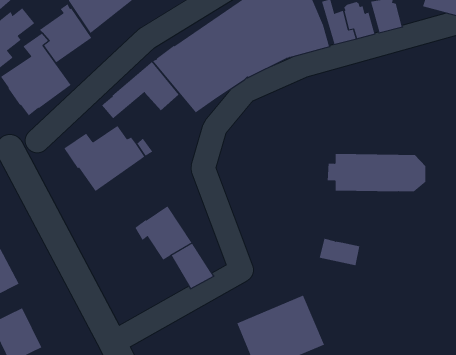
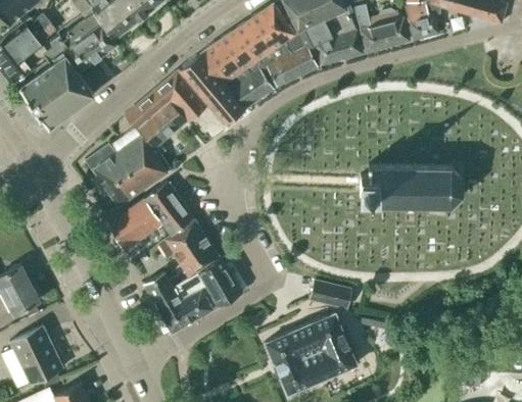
building: none -> [137,103,187,149]
building: none -> [109,183,195,249]
building: [319,238,360,266] -> [309,281,351,309]
building: none -> [144,272,218,334]

